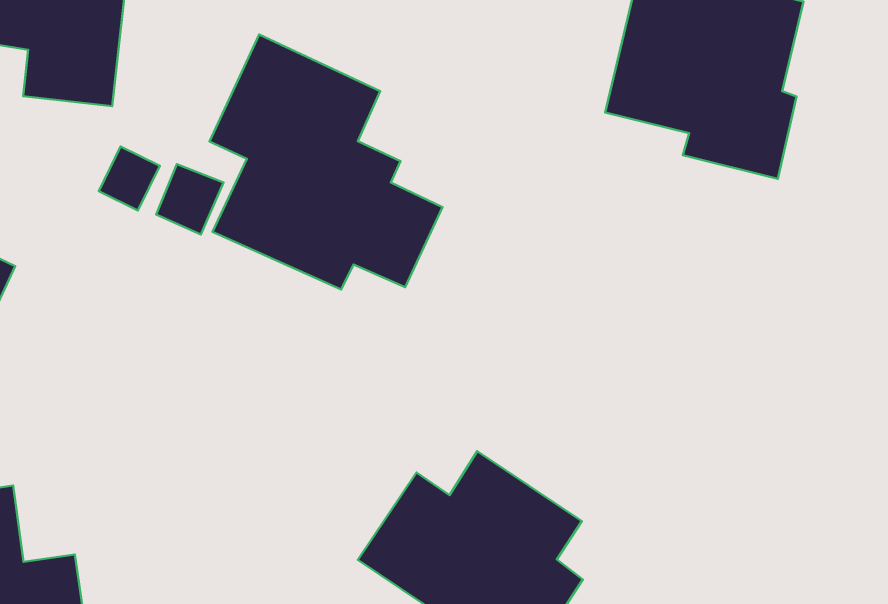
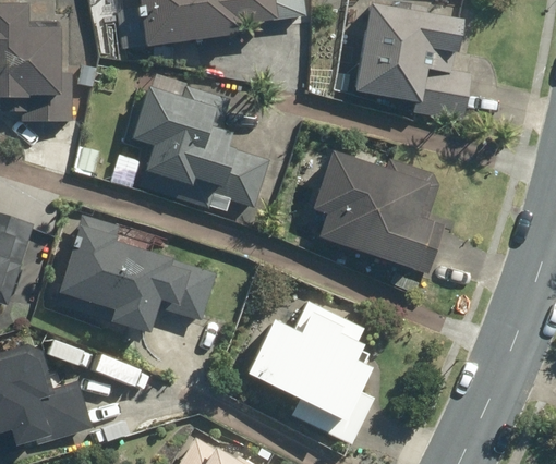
building: none -> [313,150,437,269]
building: none -> [55,213,216,337]

